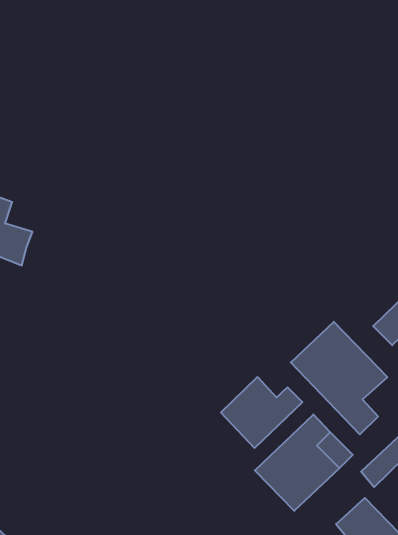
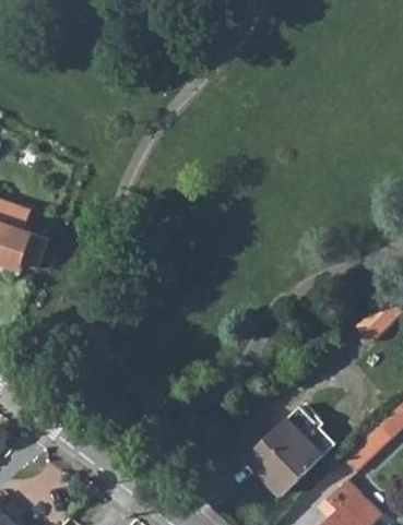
building: [291,322,387,434] -> none
building: [221,377,302,448] -> none

